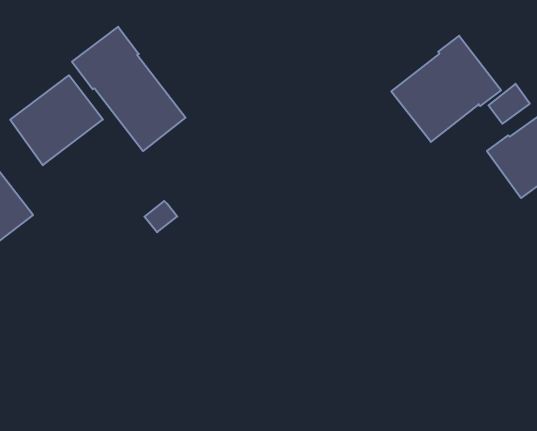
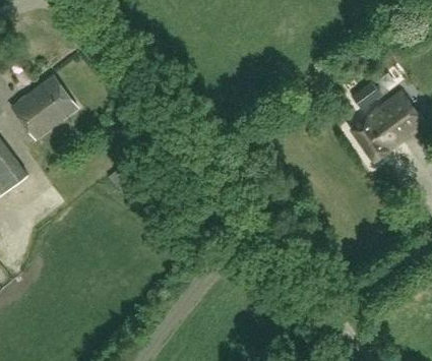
building: [72,27,186,151] -> none
building: [391,36,501,142] -> none

